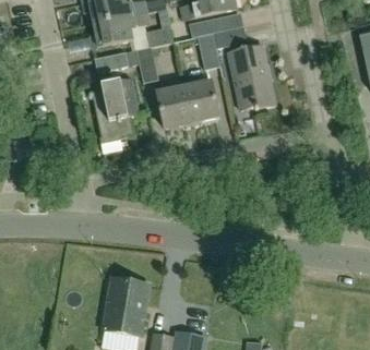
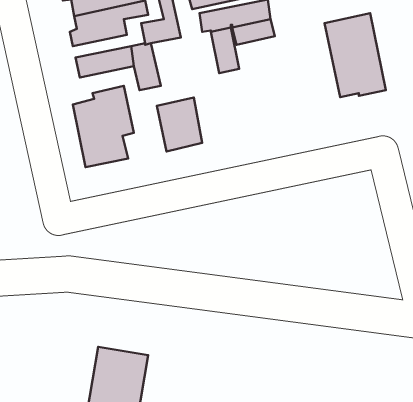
building: [228,44,275,108] -> [325,13,386,97]
building: [184,80,218,120] -> none

